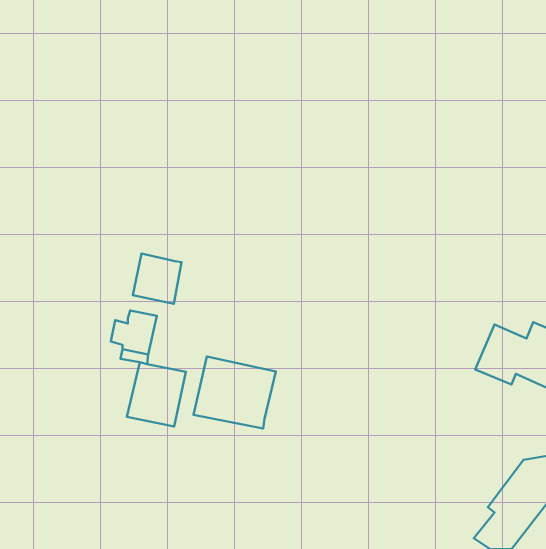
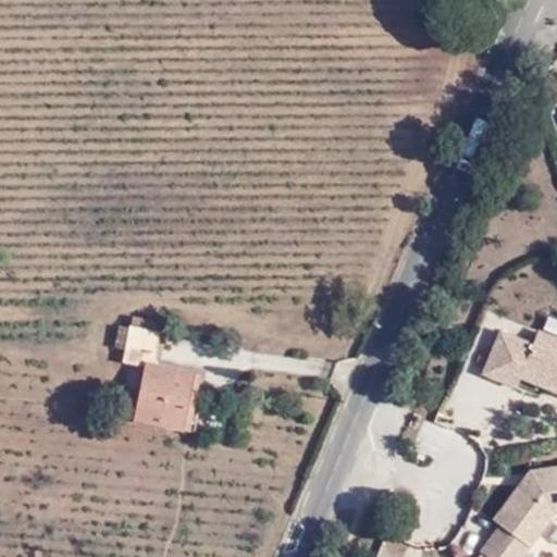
building: [133,253,182,304] -> none
building: [194,356,276,428] -> none

